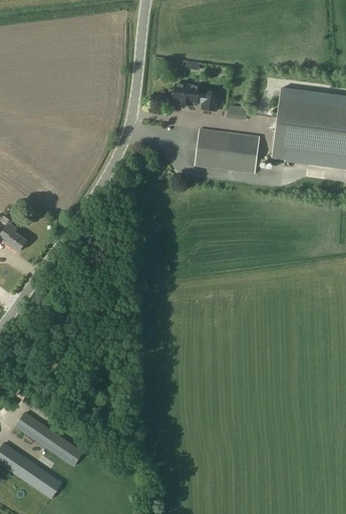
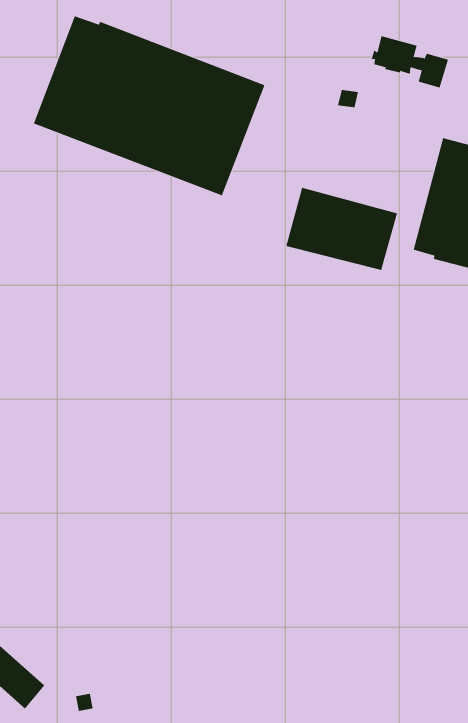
building: none -> [33,15,265,196]
building: [171,83,219,110] -> [371,36,449,88]

